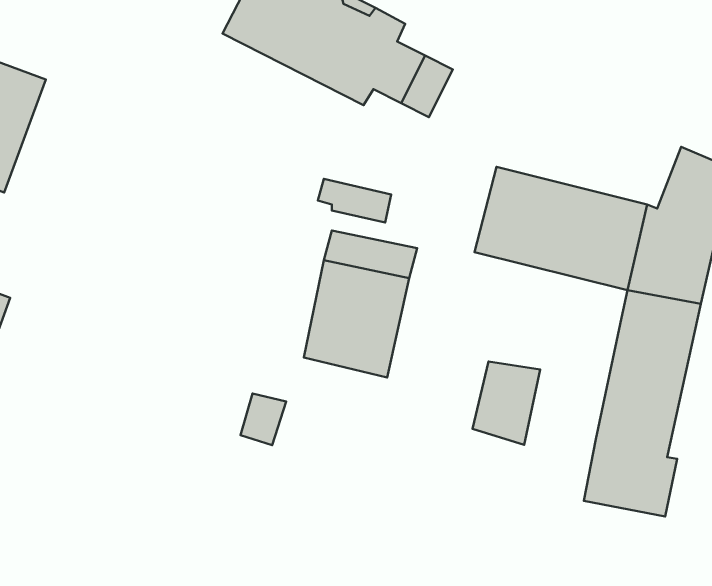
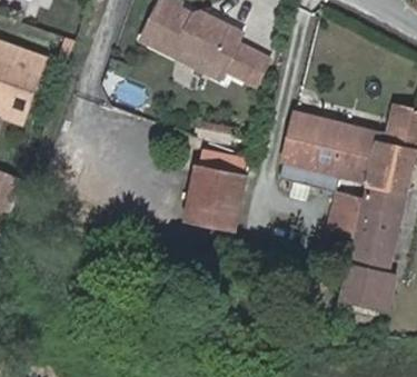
building: [473,361,540,445] -> [327,194,365,240]

